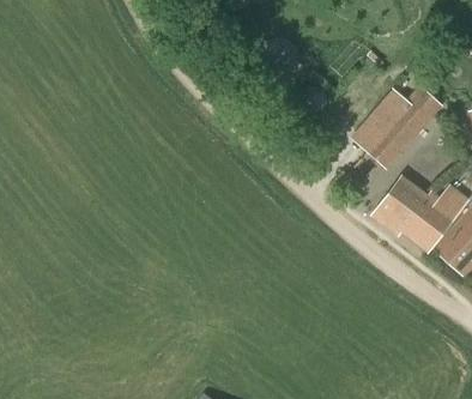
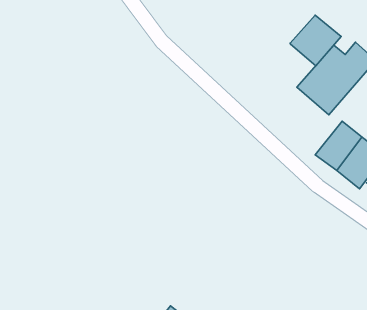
building: none -> [290,15,341,66]

